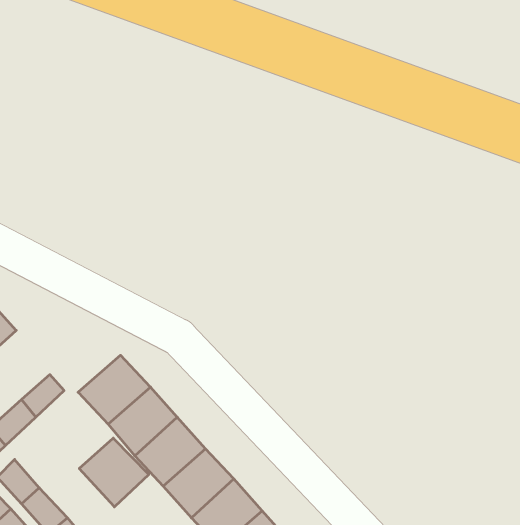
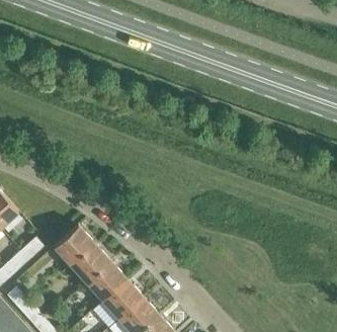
building: [79,438,149,507] -> none

